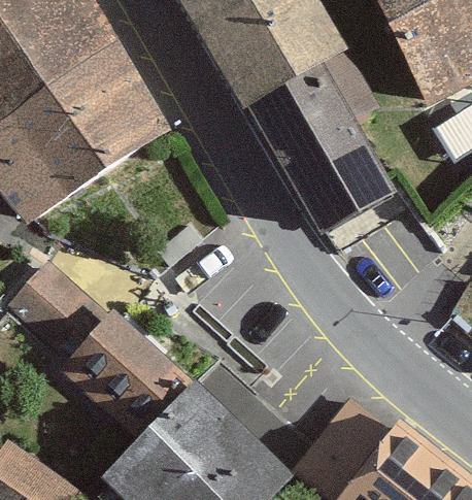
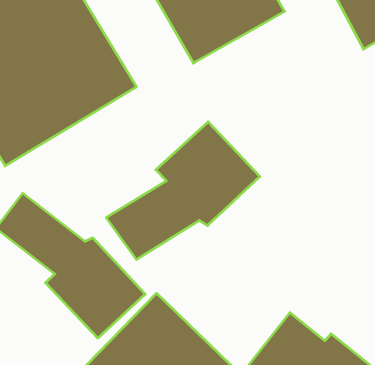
building: [241,63,396,238] -> none
building: none -> [106,122,260,259]

